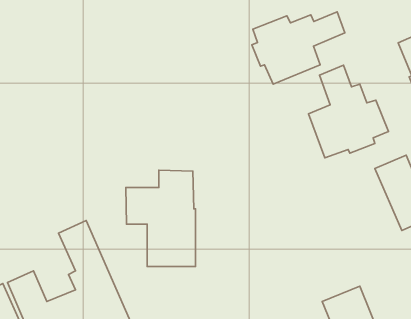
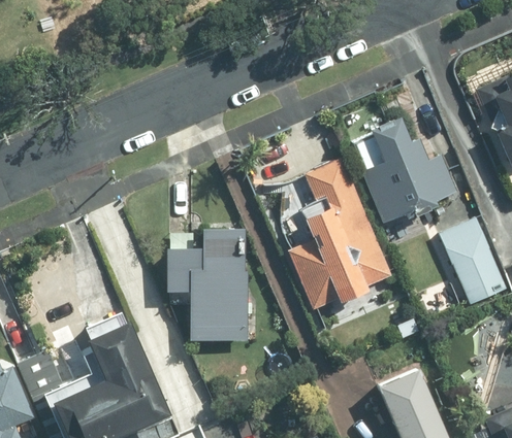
building: [252,12,345,84] -> none
building: none -> [291,158,389,308]

